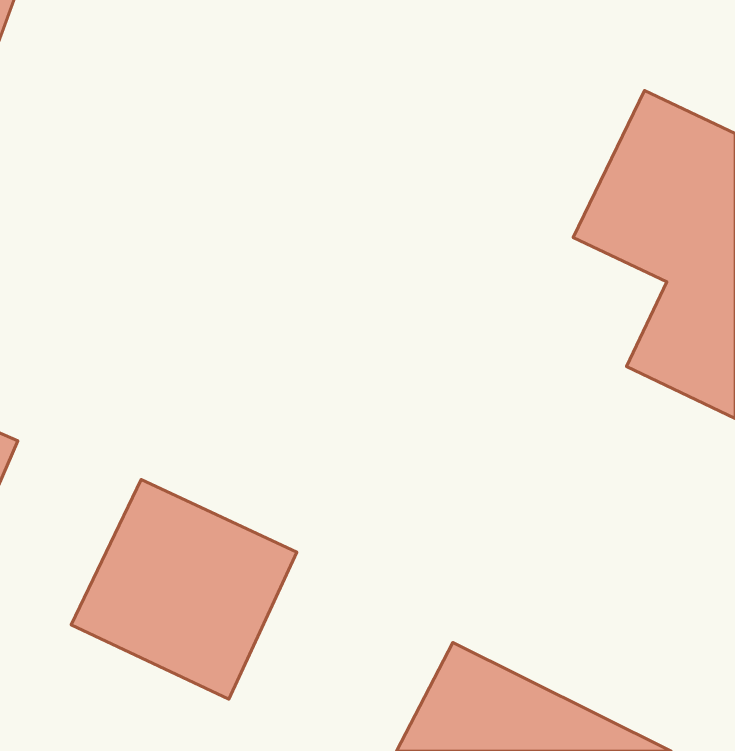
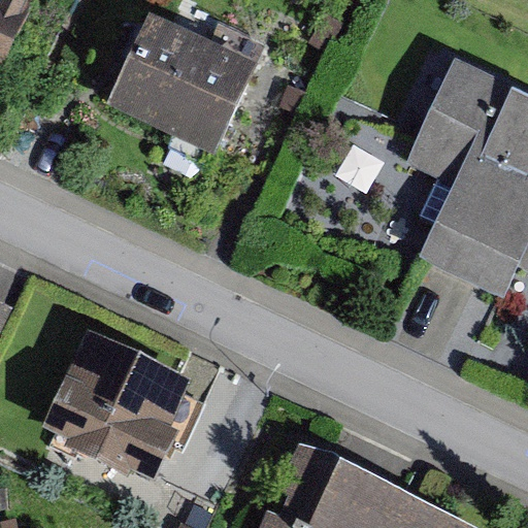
building: none -> [111,29,275,164]

